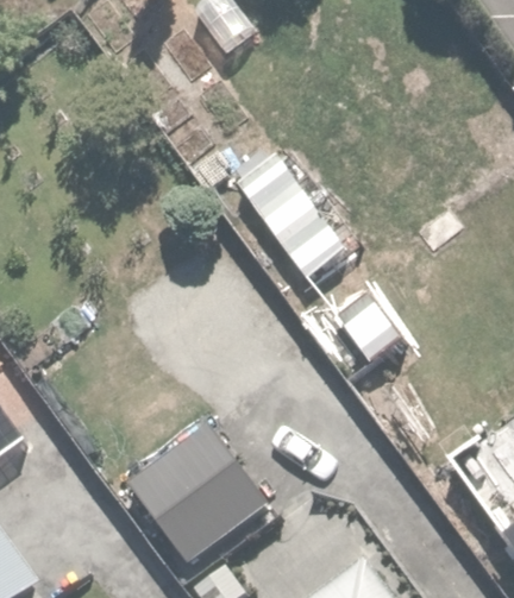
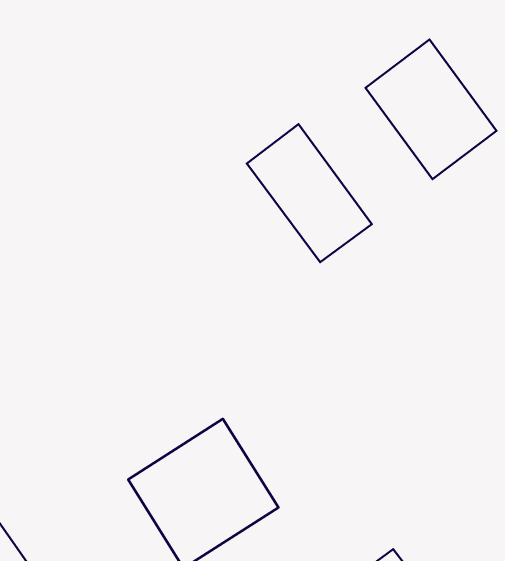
building: none -> [365,40,496,179]

